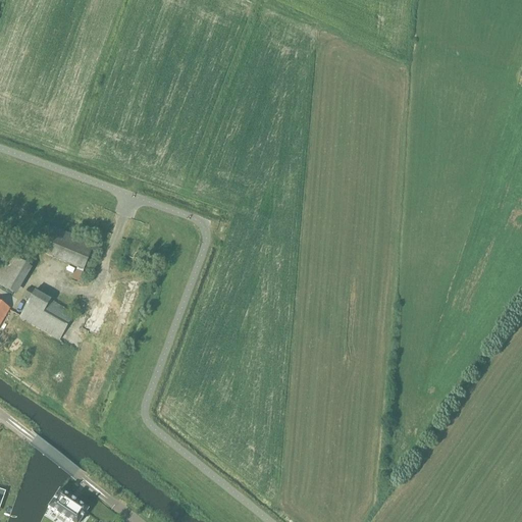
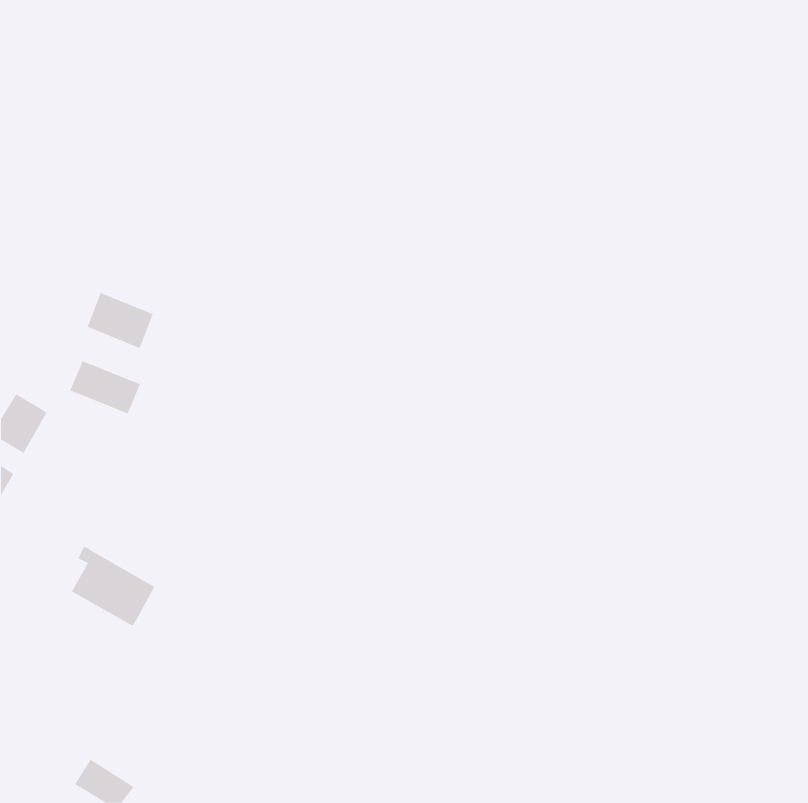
building: none -> [87,292,154,349]
building: [19,285,73,337] -> [71,546,155,626]

